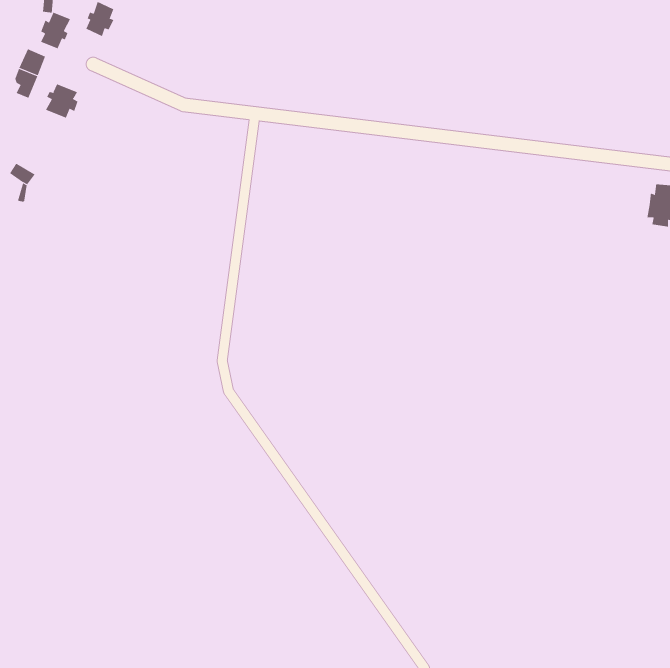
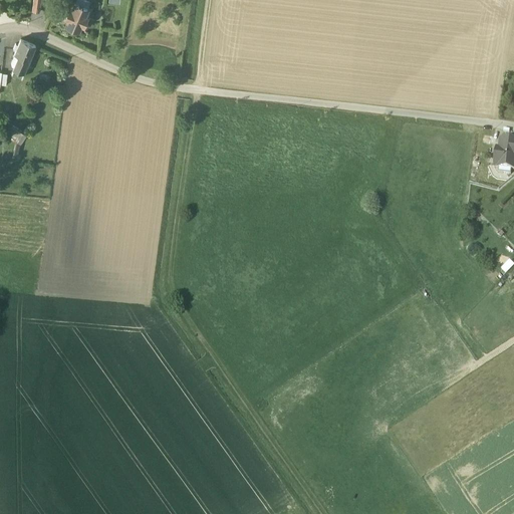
building: [40,12,71,49] -> none
building: [45,83,78,118] -> none

